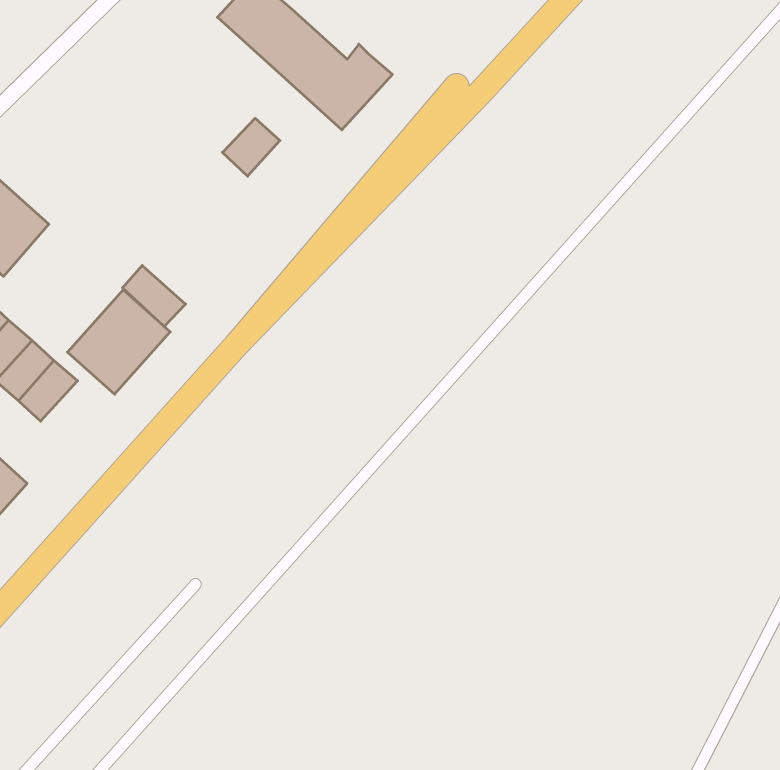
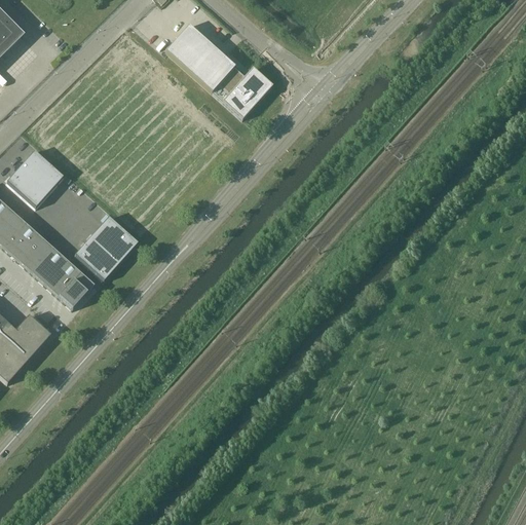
building: [222,118,280,176] -> none
building: [122,265,186,327] -> none
building: none -> [58,271,93,308]

